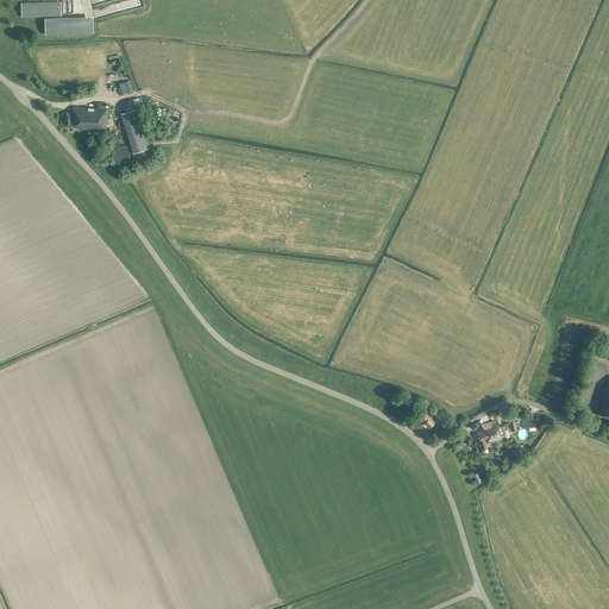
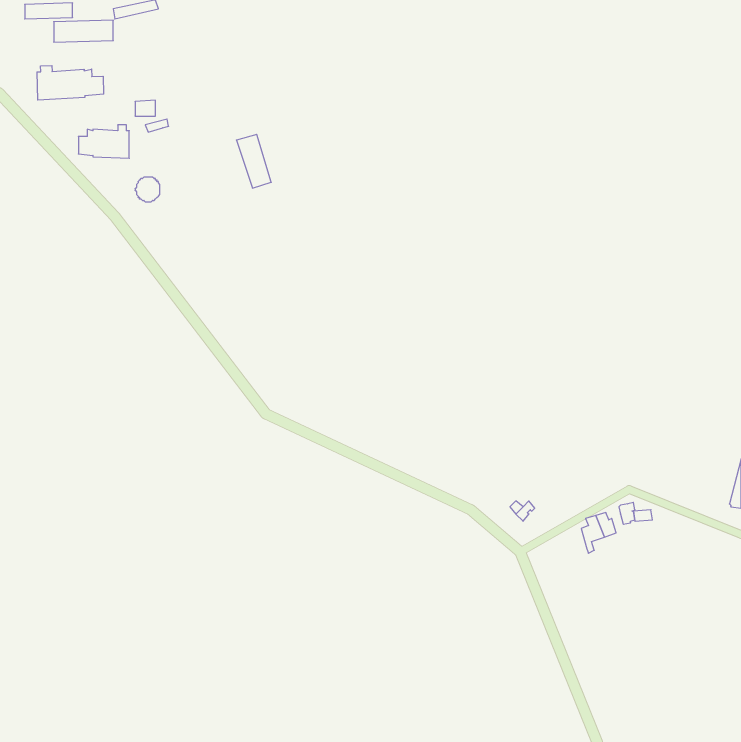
building: none -> [37,66,104,100]
building: [119,108,147,152] -> [236,134,271,188]

